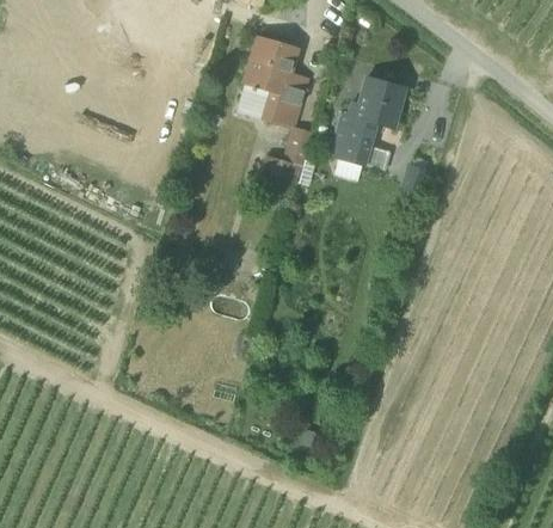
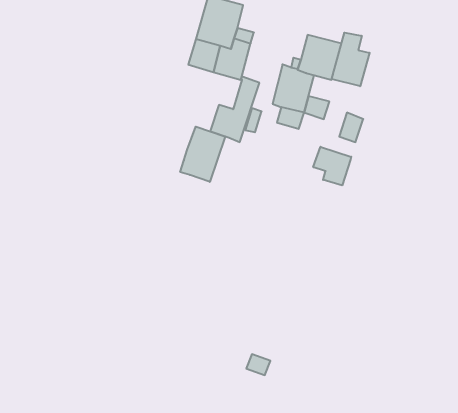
building: none -> [332,33,370,86]
building: none -> [180,127,225,182]
building: none -> [313,147,351,185]

